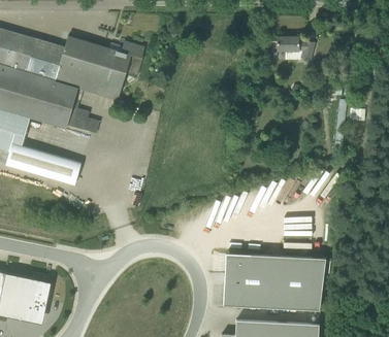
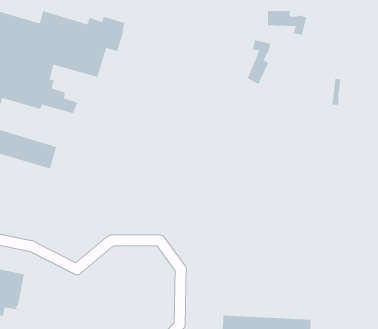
building: none -> [247,39,271,85]
building: [223,254,325,310] -> none

